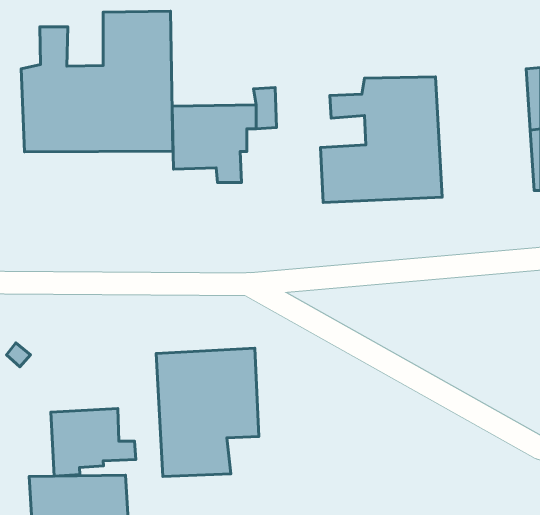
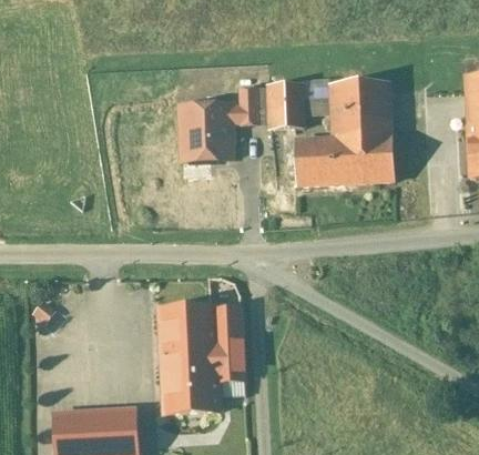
building: [21,11,173,152] -> none
building: none -> [268,82,304,129]
building: [51,409,136,476] -> none

